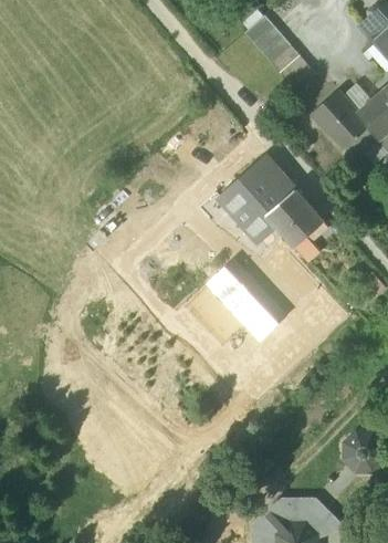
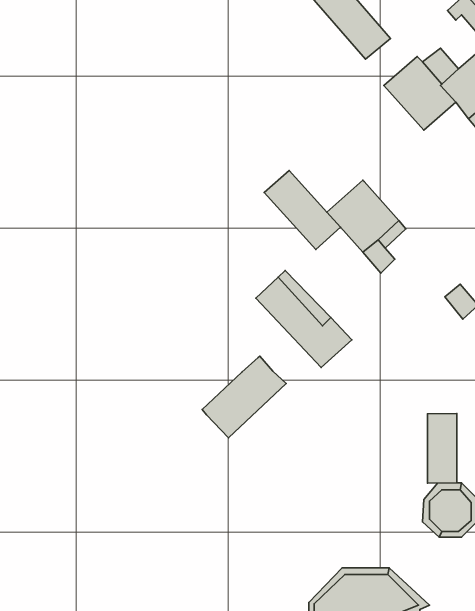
building: [234,154,295,215] -> none
building: none -> [202,356,286,438]
building: none -> [428,414,457,483]

